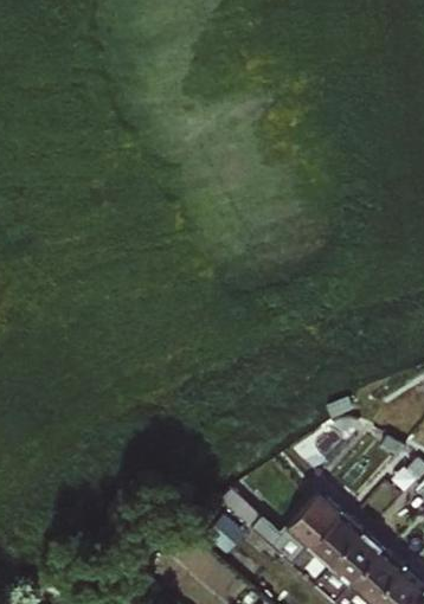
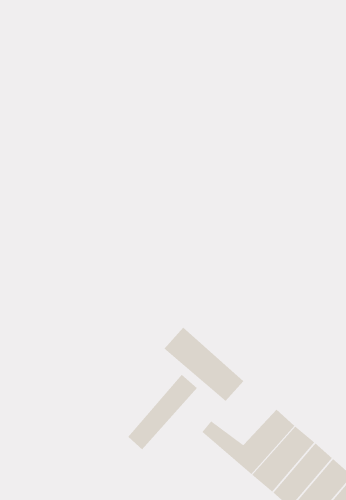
building: none -> [164,327,244,402]
building: none -> [127,374,198,450]

